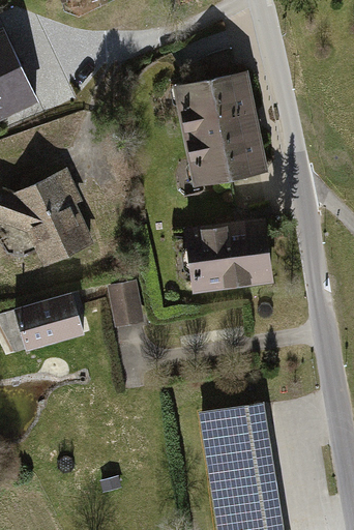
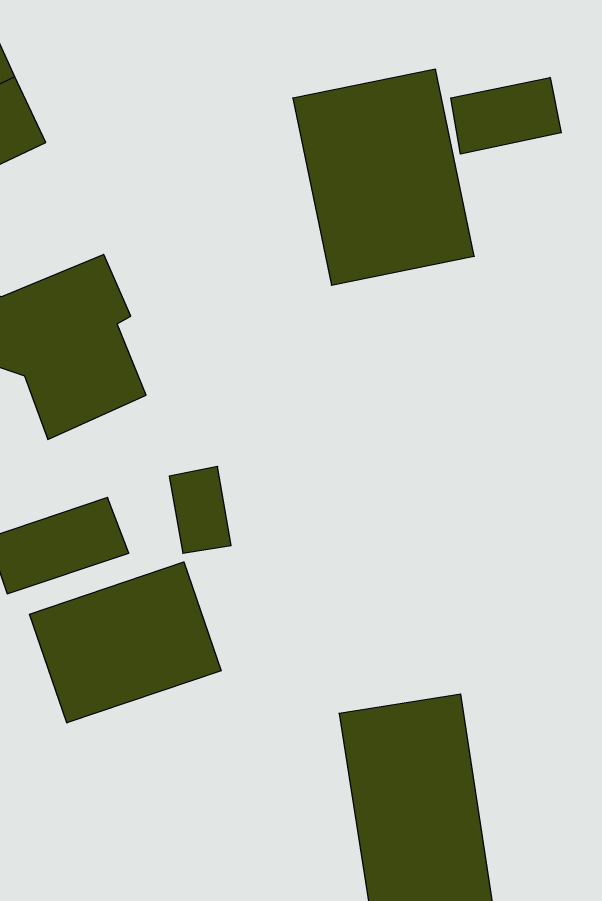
building: none -> [451,77,561,154]
building: [184,216,275,294] -> none
building: none -> [30,562,221,723]

